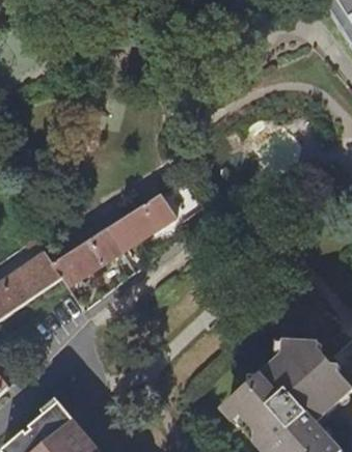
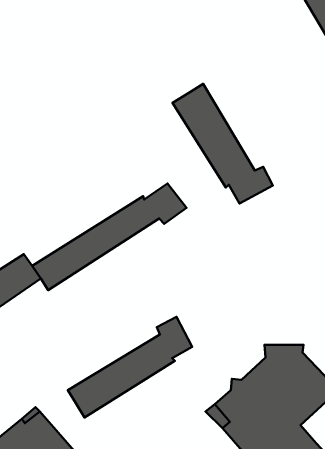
building: none -> [173,84,273,204]
building: none -> [68,317,192,417]

